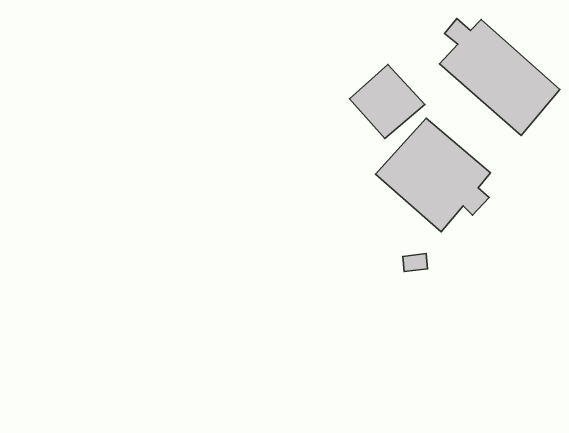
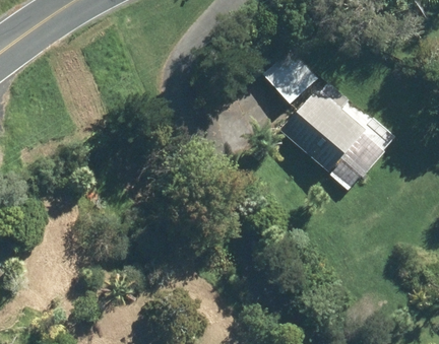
building: [439,19,560,136] -> none

